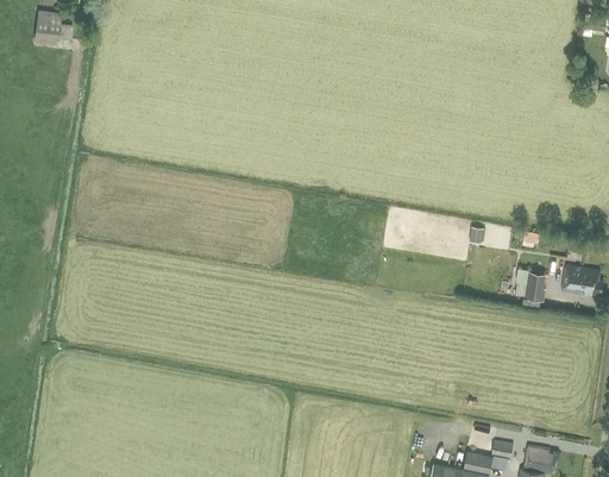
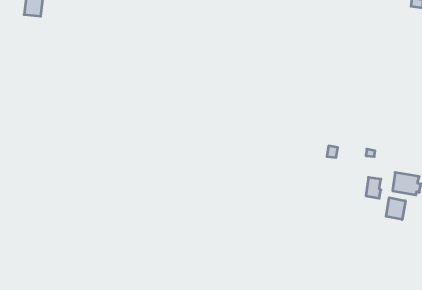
building: none -> [386,198,405,220]

